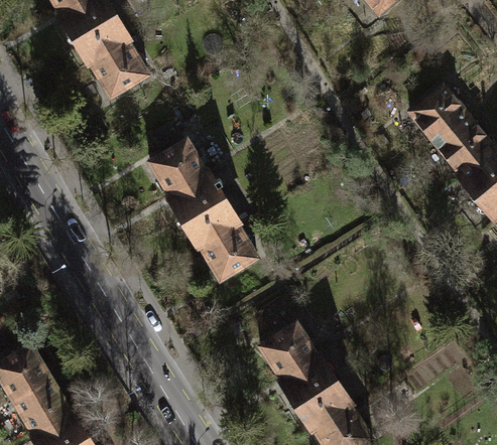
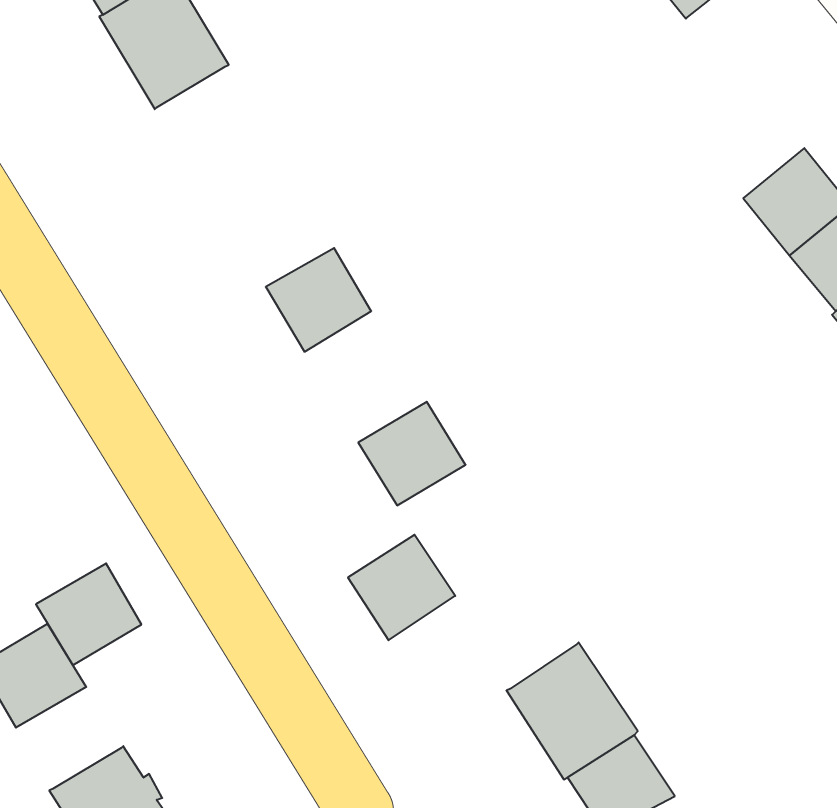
building: [89,40,146,96] -> none
building: [167,172,238,246] -> none
building: [259,321,318,379] -> [348,535,455,640]
building: [12,378,70,433] -> [36,563,141,665]

